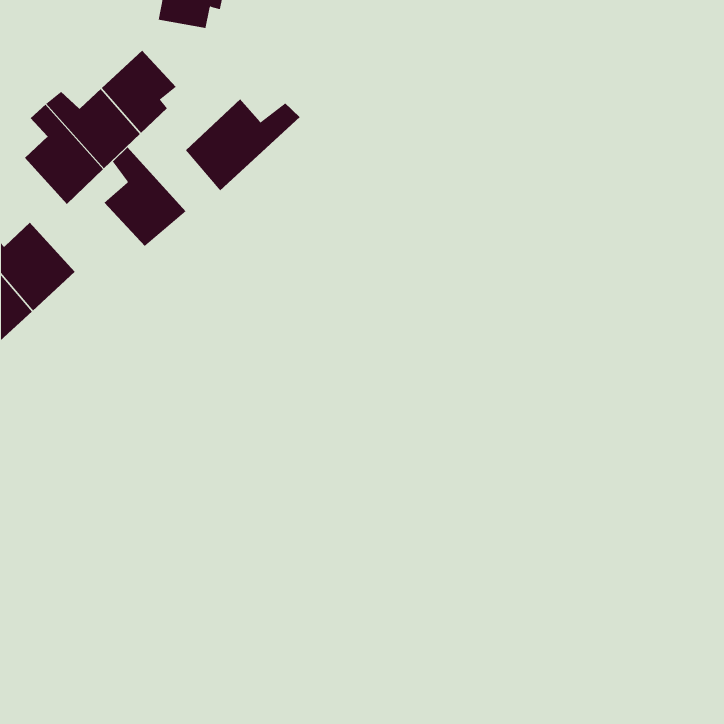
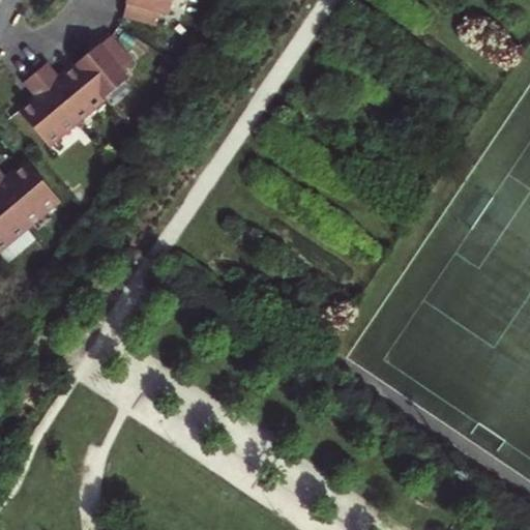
building: [185,98,300,191] -> none
building: [104,147,187,247] -> none

